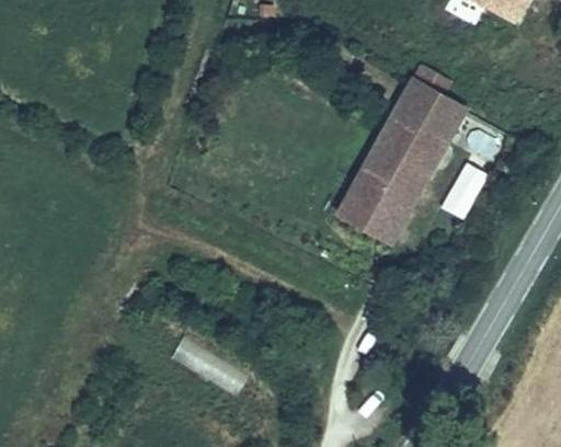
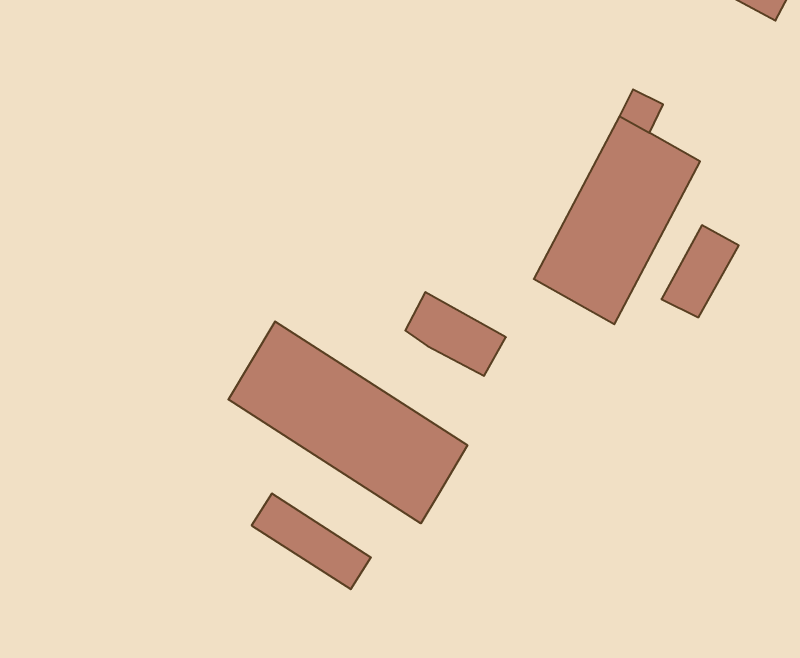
building: [340,190,405,244] -> [405,292,506,376]
building: none -> [228,321,467,523]

